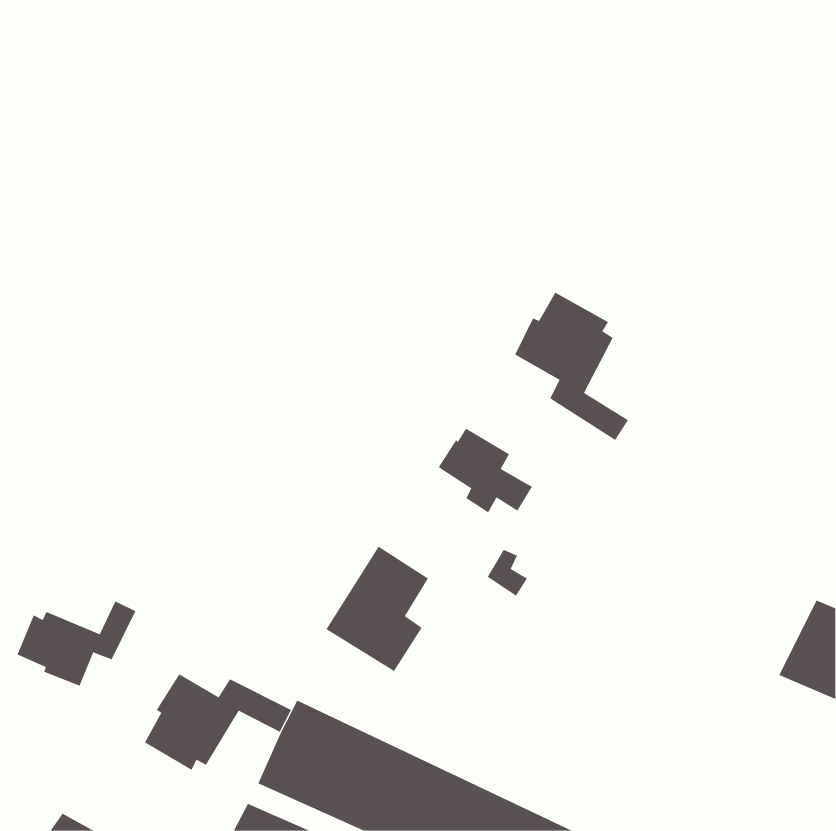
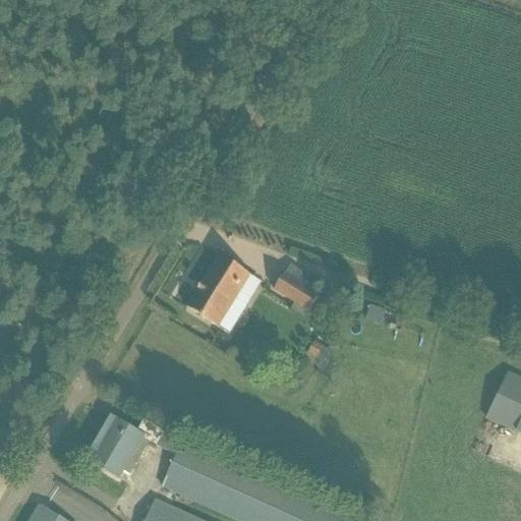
building: [515,292,629,441] -> none
building: [326,546,429,672] -> [185,255,249,334]
building: [17,600,136,686] -> none

